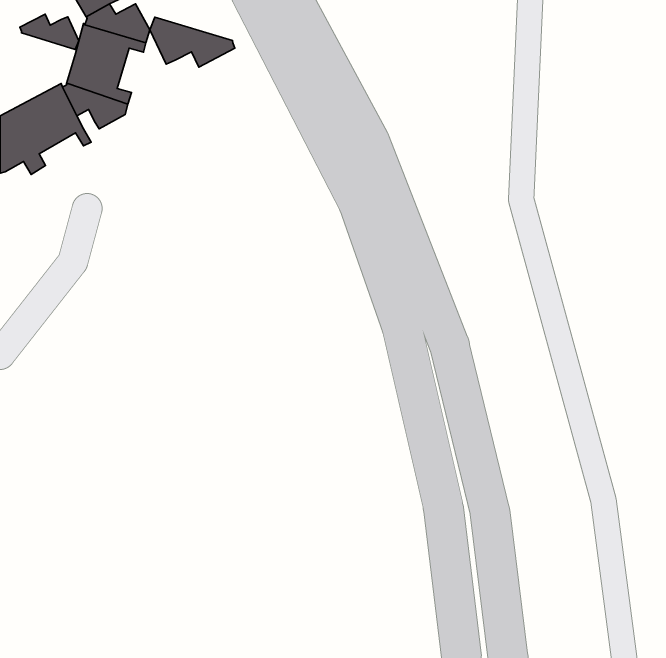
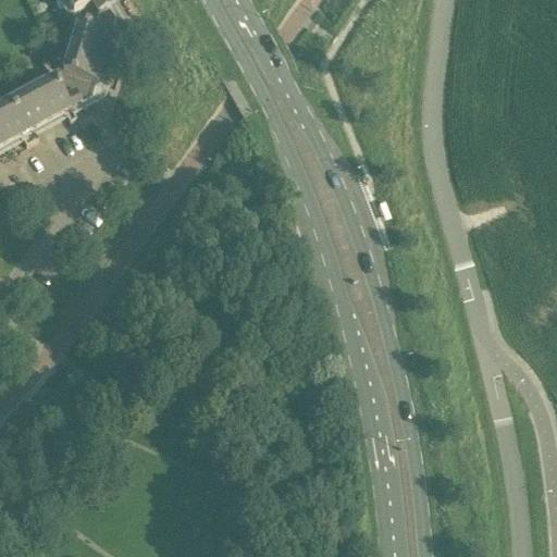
building: [20,14,79,49] -> none
building: [150,17,235,67] -> none

